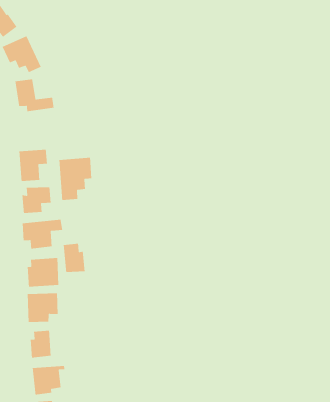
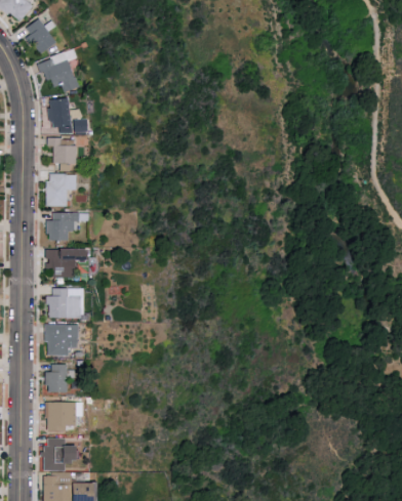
building: none -> [47,137,77,170]
building: [58,157,92,201] -> none
building: [63,243,85,273] -> none

